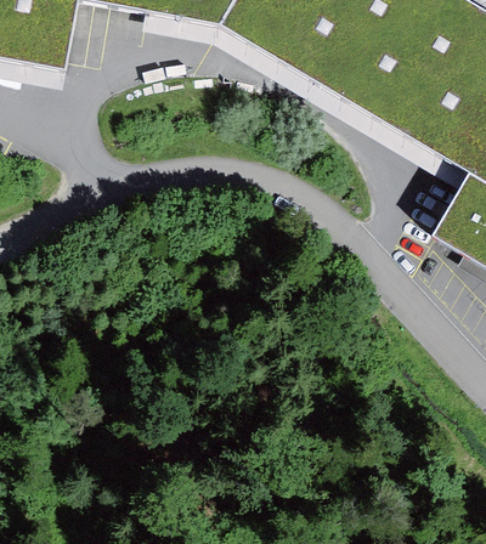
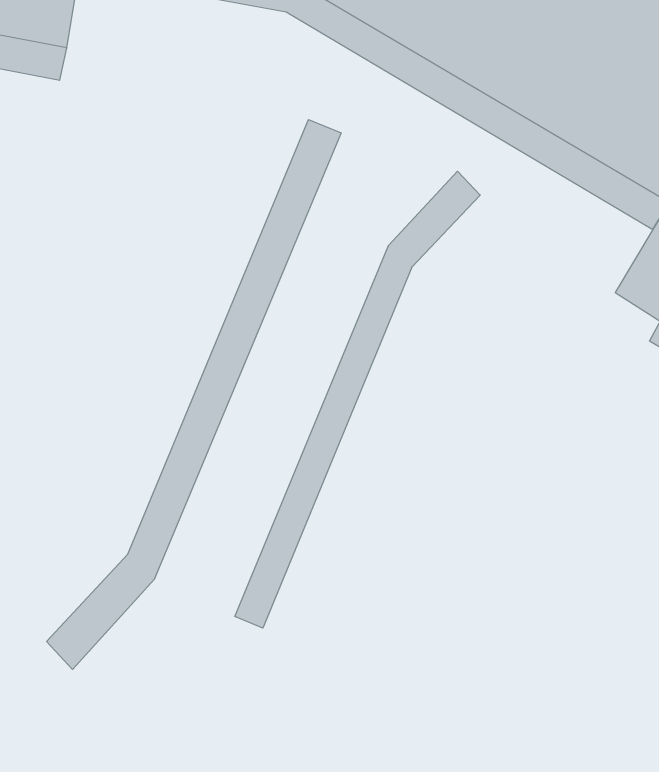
building: none -> [47,120,341,669]
building: none -> [235,171,480,628]

